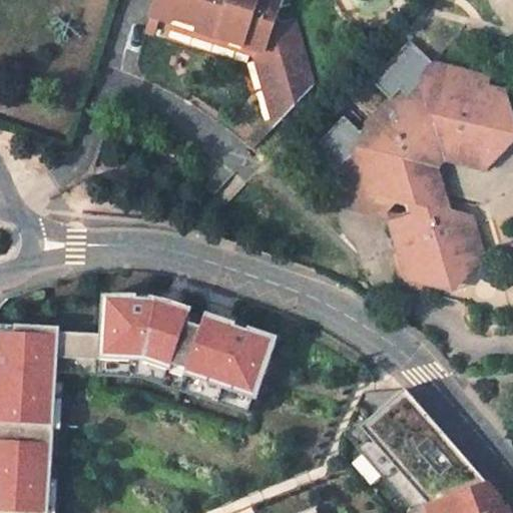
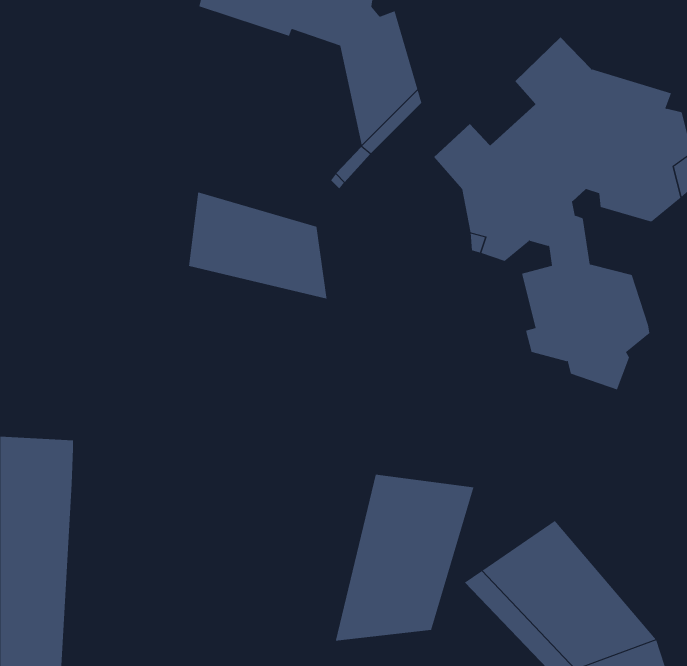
building: none -> [189,191,327,300]
building: [54,302,274,410] -> none
building: none -> [335,474,474,641]

